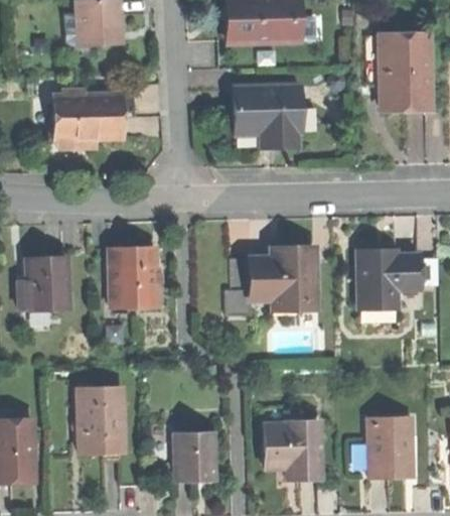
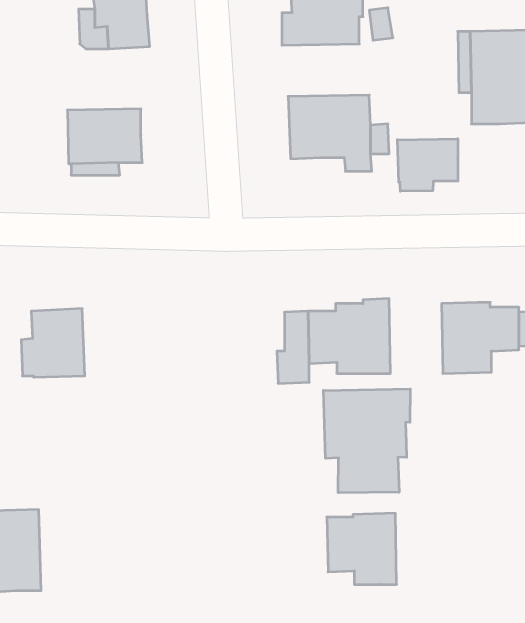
building: none -> [397,139,458,191]
building: [109,247,157,308] -> none
building: none -> [323,389,410,493]
building: [79,385,124,455] -> none
building: [368,417,413,478] -> none
building: [174,433,215,481] -> none

